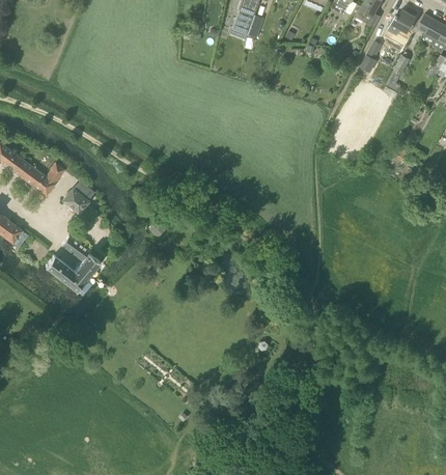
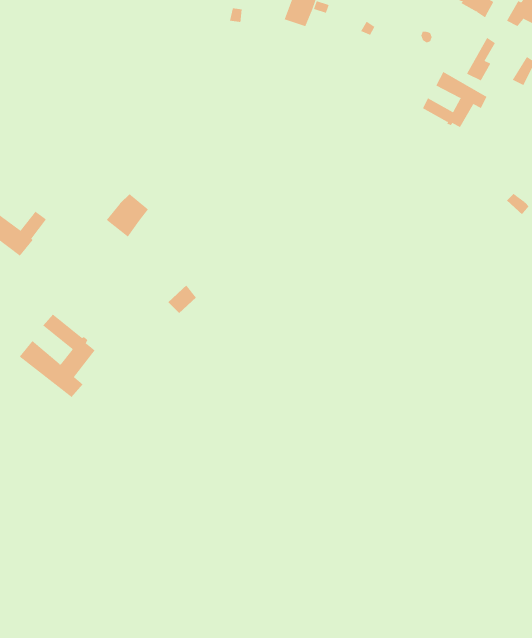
building: none -> [422,71,487,128]
building: [63,181,93,213] -> [106,193,149,237]

